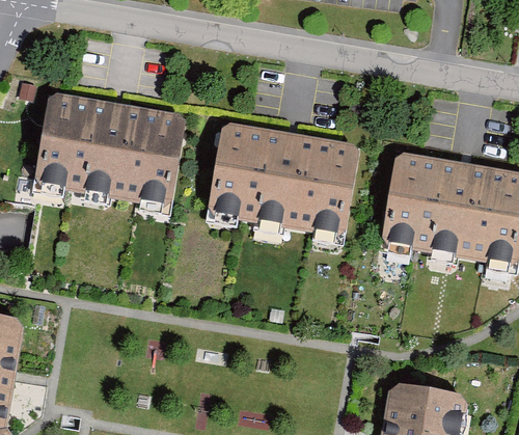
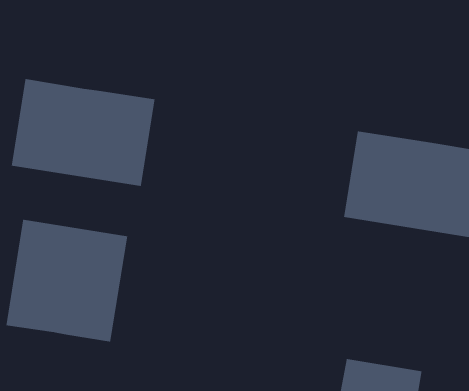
building: [206,120,356,234] -> none
building: none -> [5,219,128,342]

